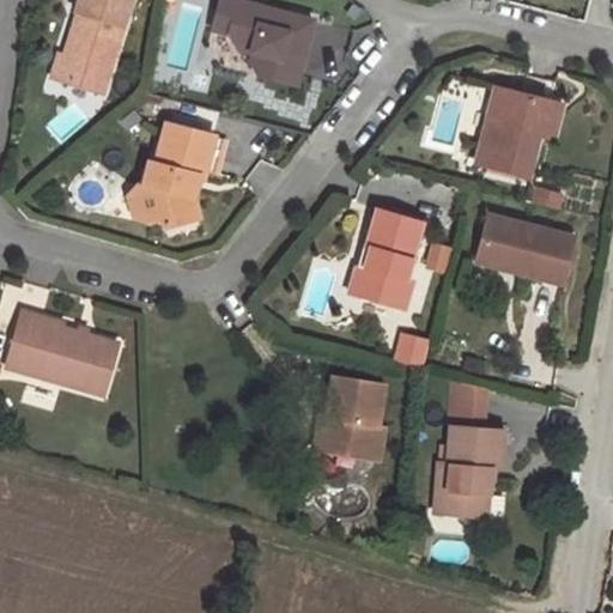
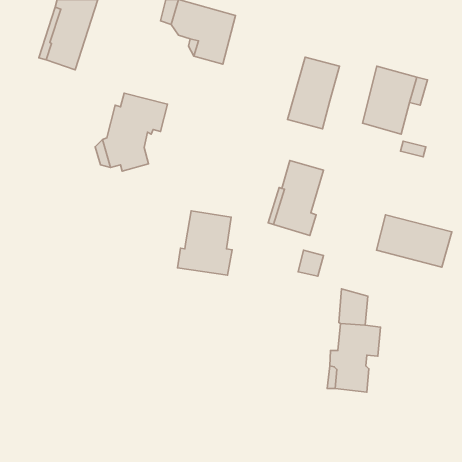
building: none -> [288,57,339,129]
building: [475,216,575,285] -> [377,215,452,267]
building: [6,310,119,394] -> none
building: [312,376,384,461] -> [178,211,232,275]

